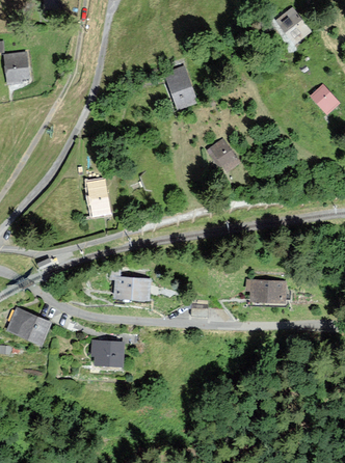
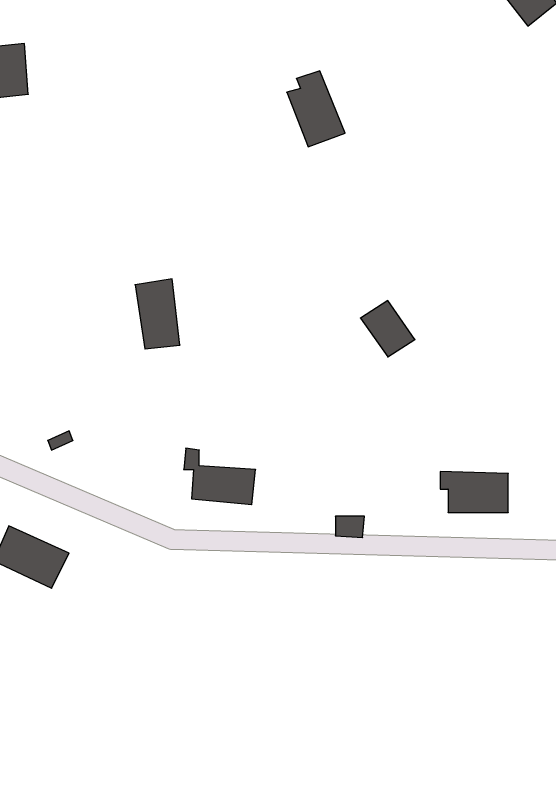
building: [208,140,237,170] -> [360,301,415,357]
building: [91,341,122,364] -> none

